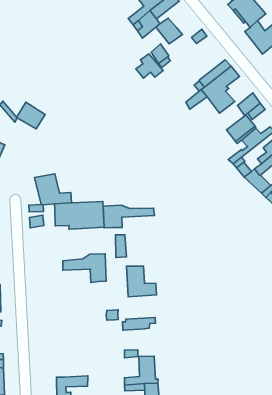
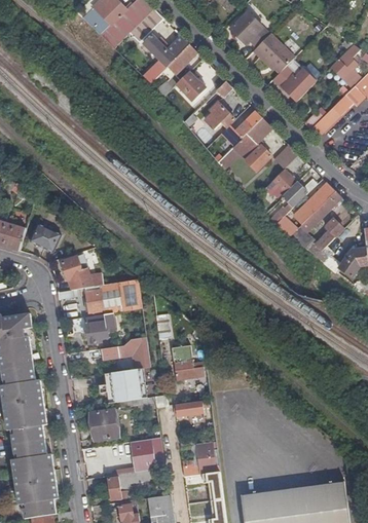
building: [136,54,163,78] -> [206,103,235,129]
building: [17,102,45,129] -> [31,224,62,252]
building: [103,205,154,228] -> none
building: none -> [85,312,115,343]
building: none -> [100,367,146,403]
building: none -> [89,409,119,441]
building: none -> [116,437,164,475]

